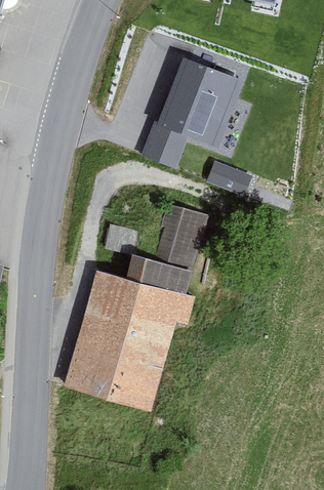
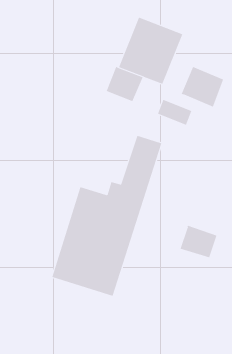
building: none -> [181,66,224,108]
building: none -> [180,225,217,258]

